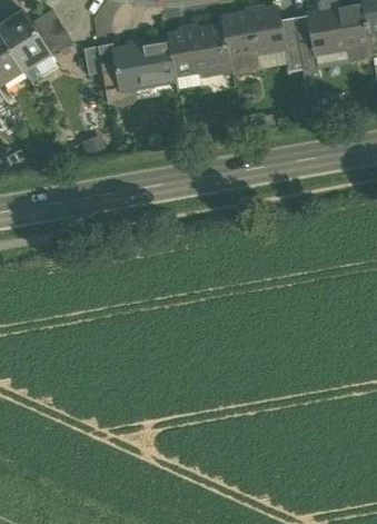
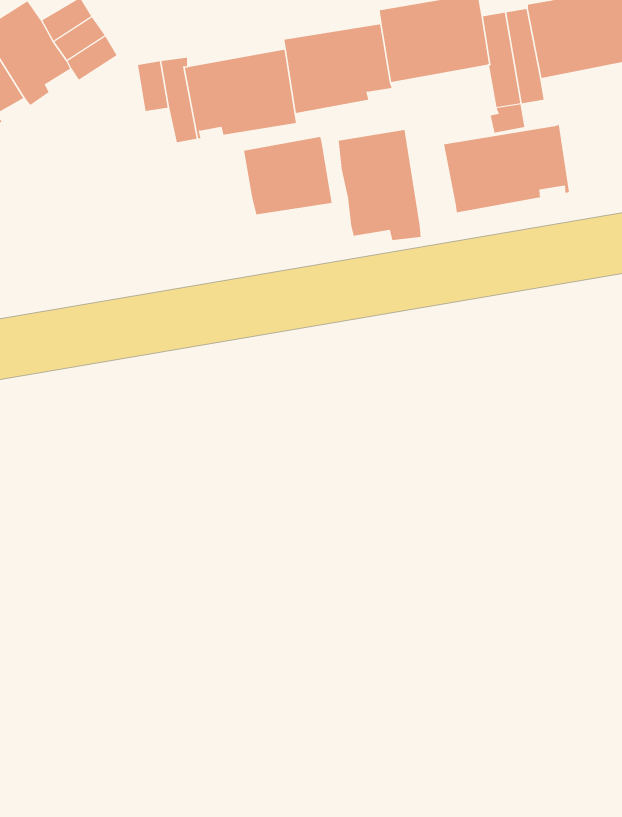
building: none -> [443,124,569,213]
building: none -> [338,129,421,241]
building: none -> [244,136,332,215]

